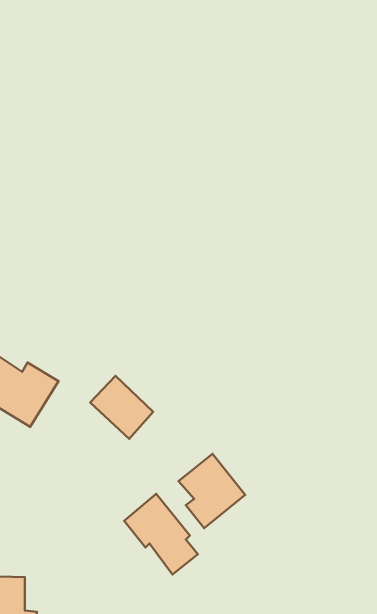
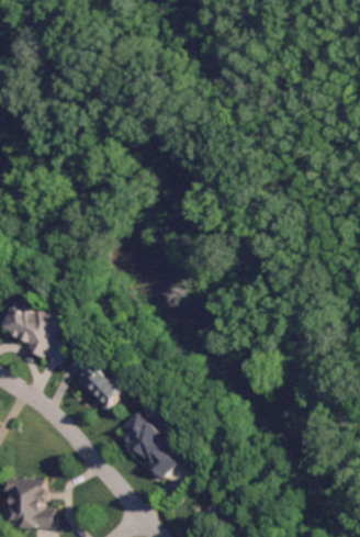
building: [90,376,153,439] -> [77,359,128,411]
building: [179,454,245,528] -> none

